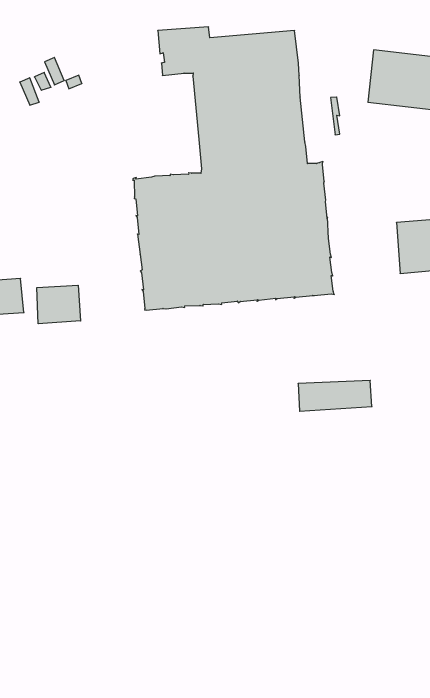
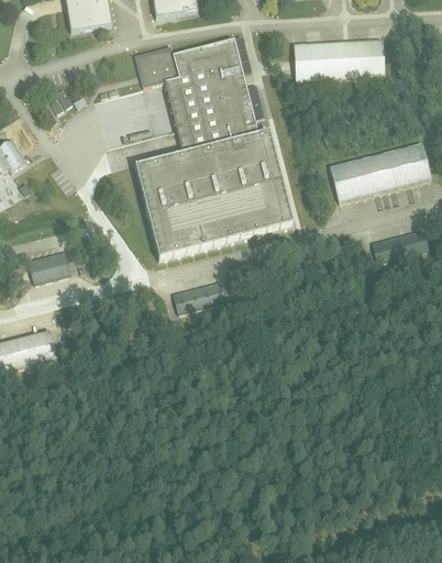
building: [37,285,81,324] -> none
building: [298,380,372,411] -> [173,282,229,312]

